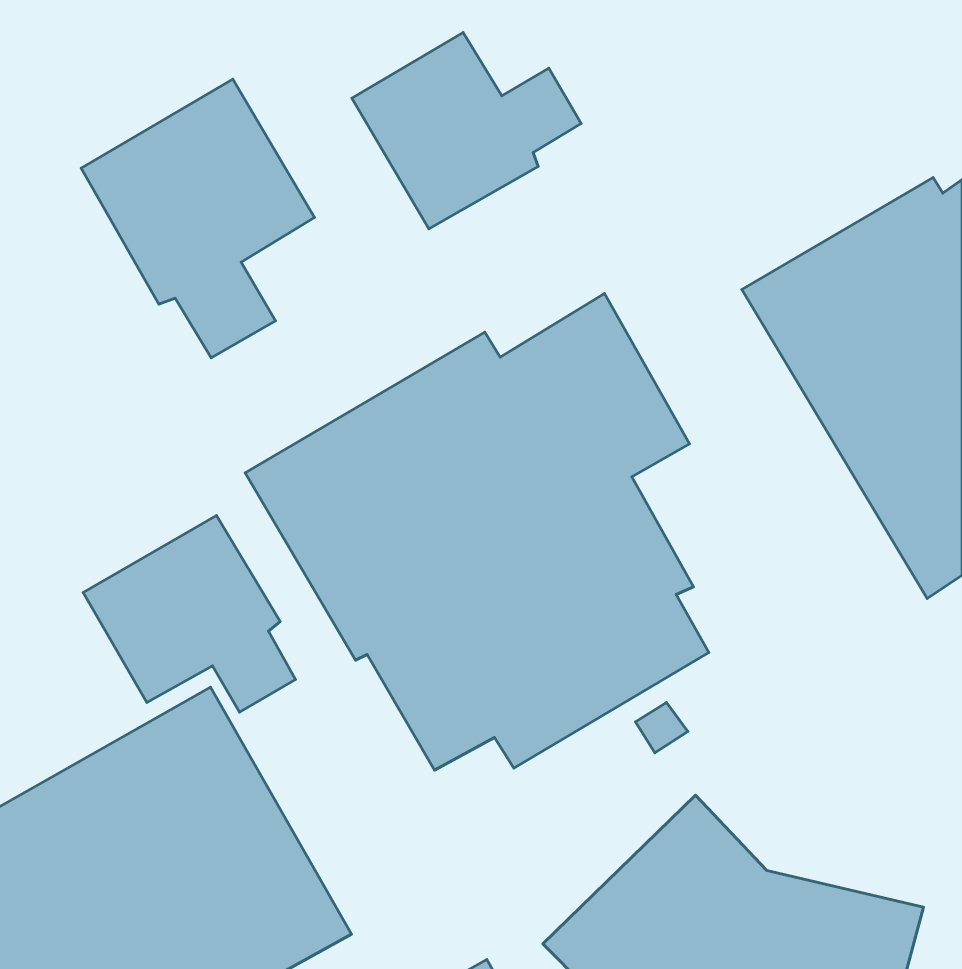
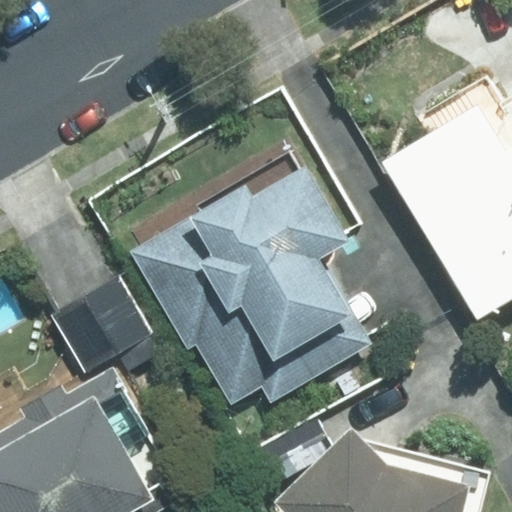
building: [352,32,581,229] -> none
building: [81,79,315,358] -> none

